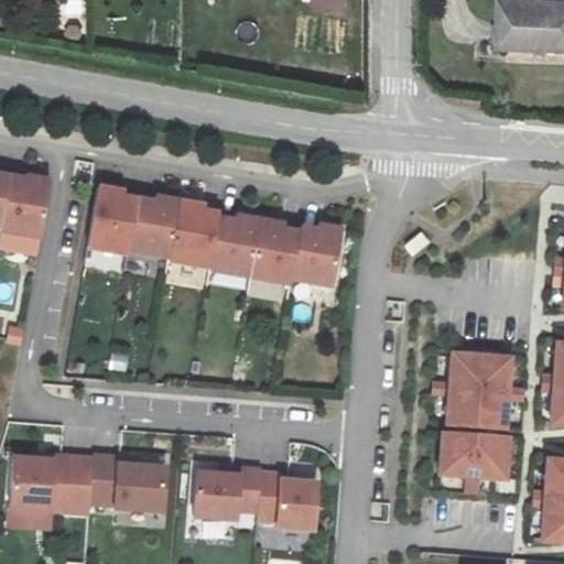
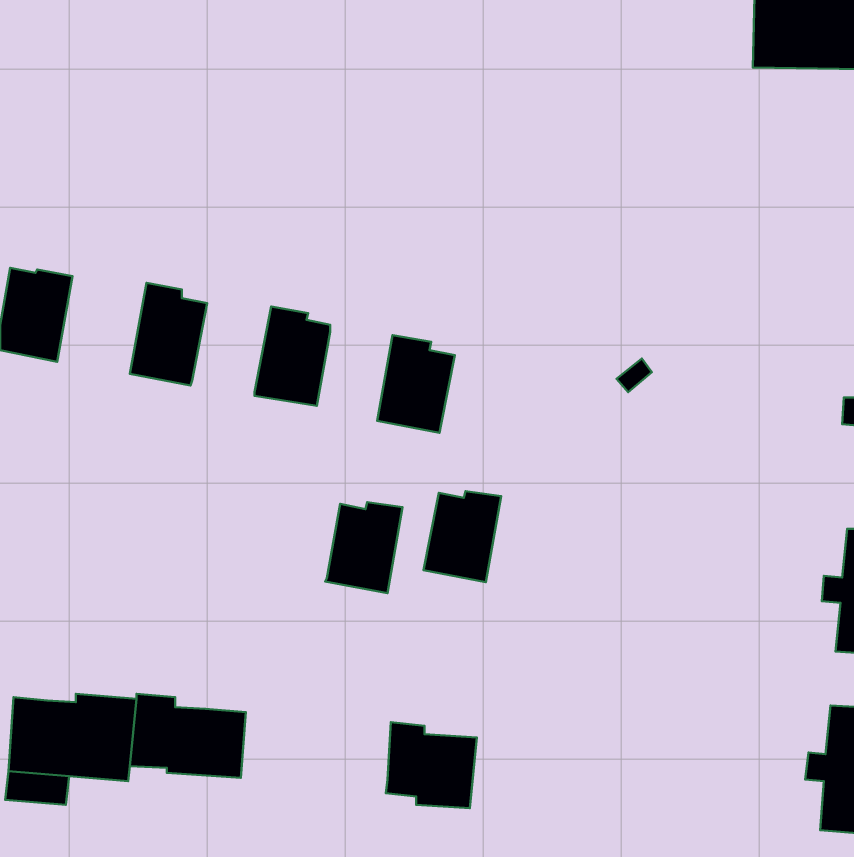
building: [130,195,182,257] -> none
building: [210,216,261,275] -> [325,502,403,593]
building: [293,226,344,285] -> [424,491,501,582]
building: [433,355,525,431] -> none
building: [438,434,507,496] -> none
building: [194,468,260,518] -> none

